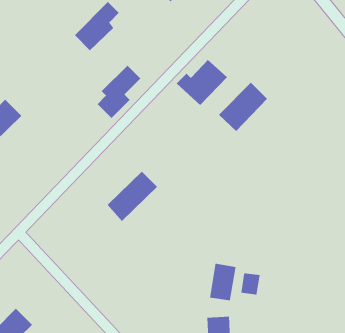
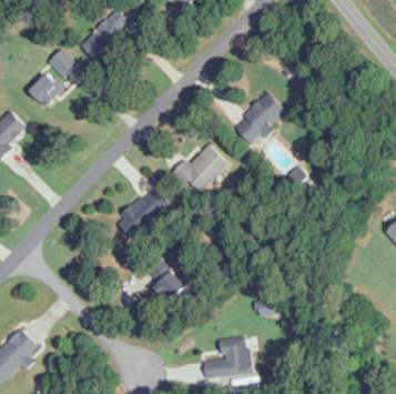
building: [176,59,228,106] -> [174,144,229,193]
building: [97,65,141,119] -> [29,49,75,105]
building: none -> [148,260,183,301]
building: [210,263,236,301] -> none

